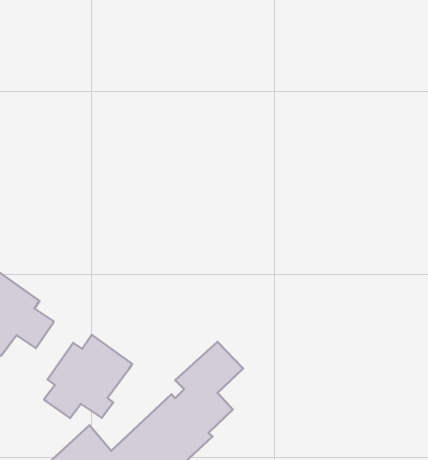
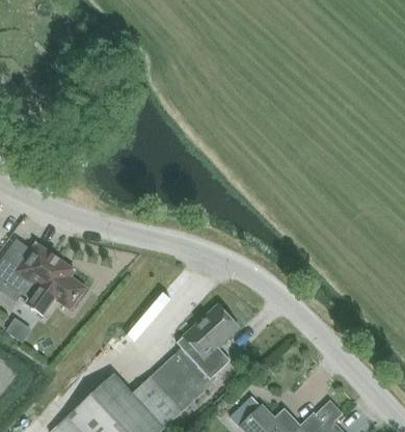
building: [44,335,132,418] -> none

